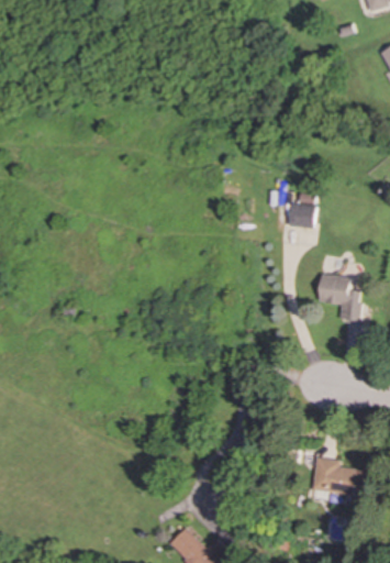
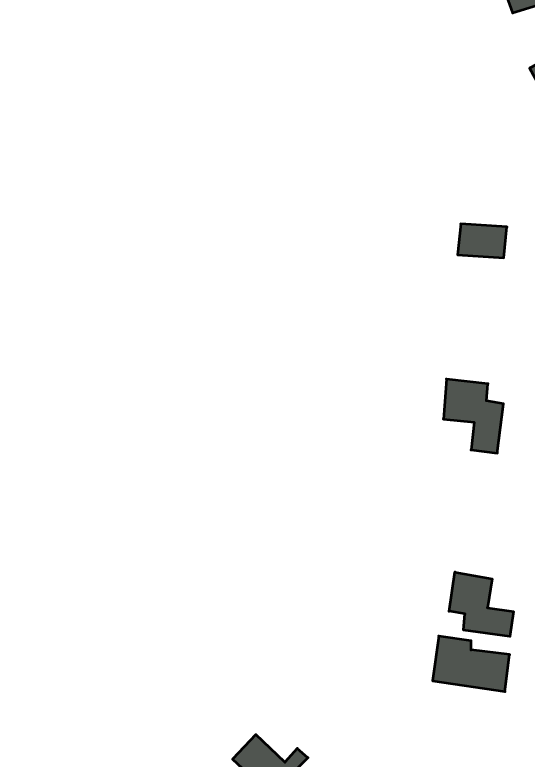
building: [280,201,315,225] -> [458,224,507,258]
building: none -> [449,572,513,636]

